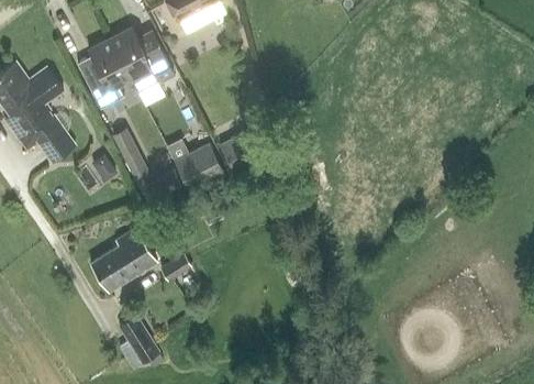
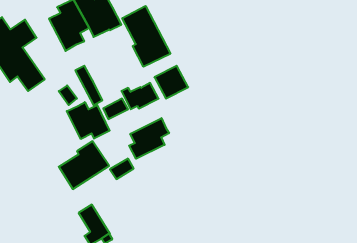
building: none -> [122,6,170,67]
building: none -> [67,102,110,139]
building: none -> [129,118,169,159]

